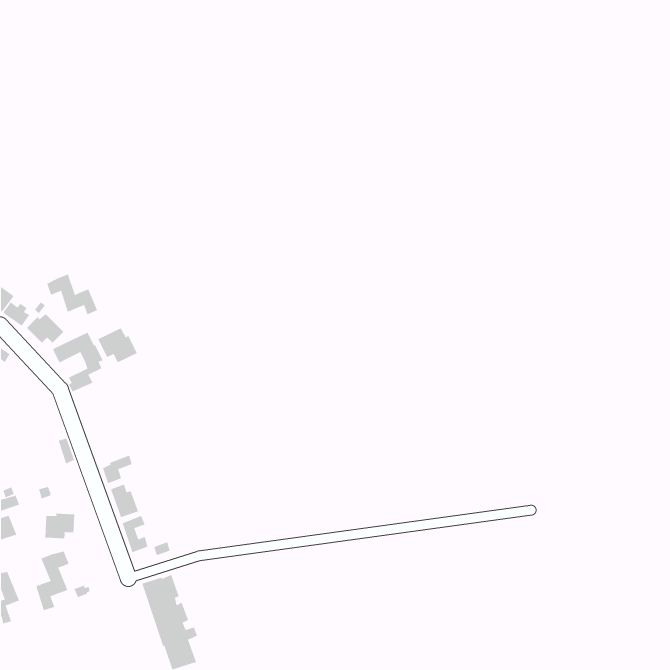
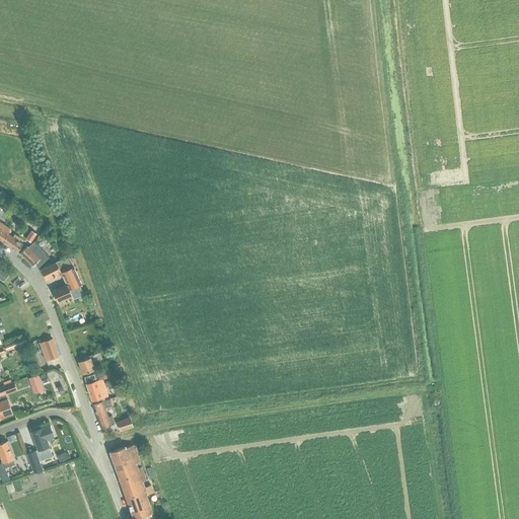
building: [47,273,98,315] -> none
building: [98,328,137,363] -> none
building: [45,513,75,539] -> none

